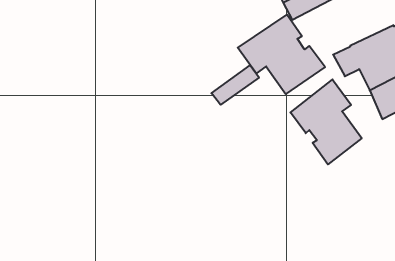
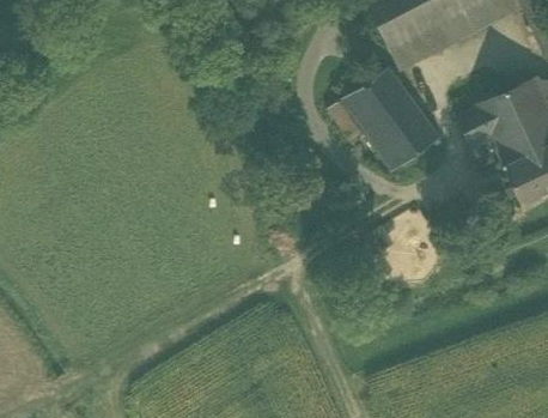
building: [211,65,259,105] -> none
building: [290,79,362,164] -> none

